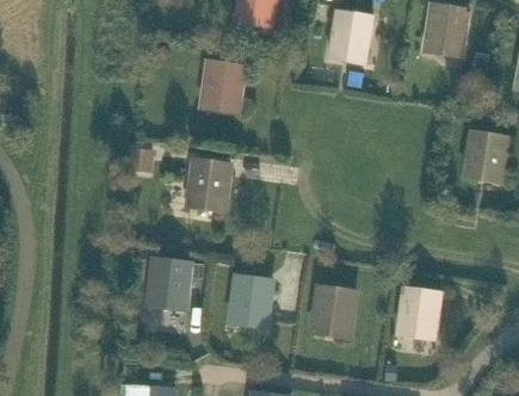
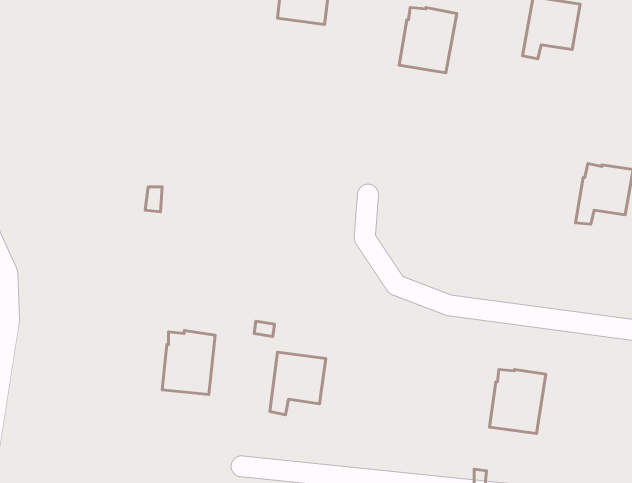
building: [202,63,245,110] -> none
building: [187,161,230,208] -> none
building: [313,287,356,334] -> none

